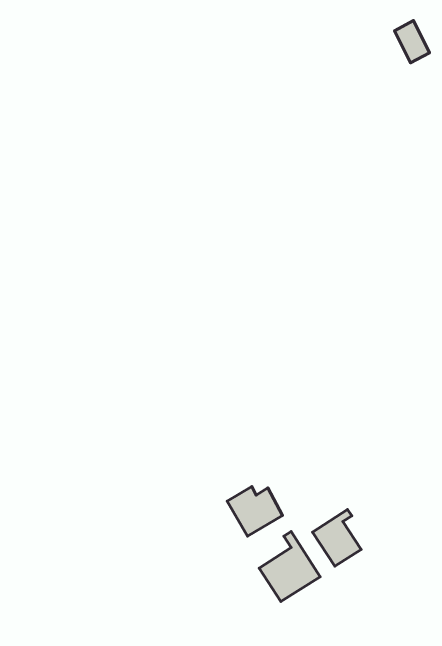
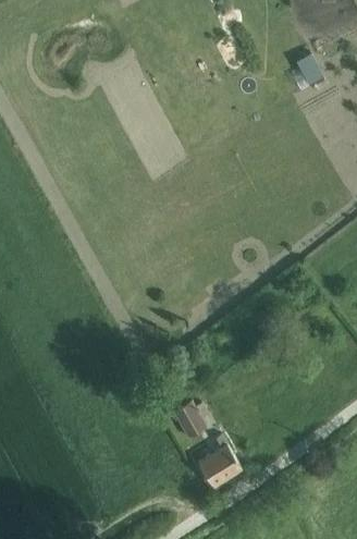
building: [313,510,361,566] -> none

